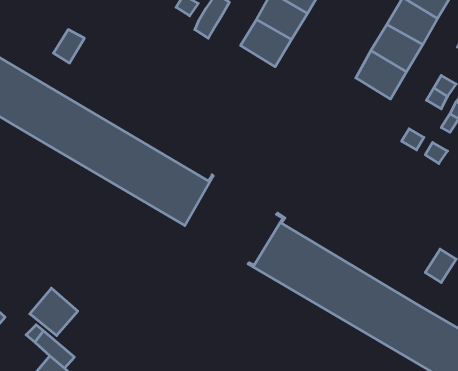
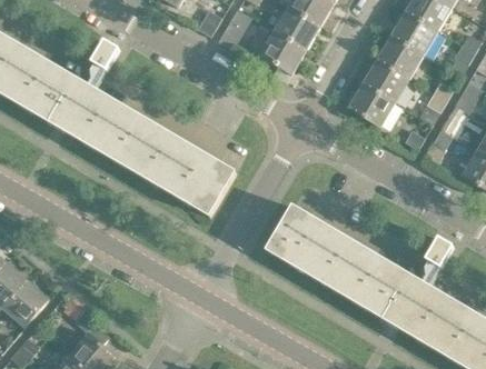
building: none -> [349,82,395,124]
building: [30,288,78,336] -> none

